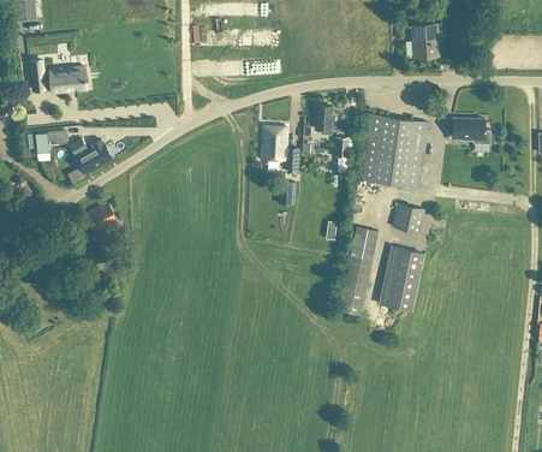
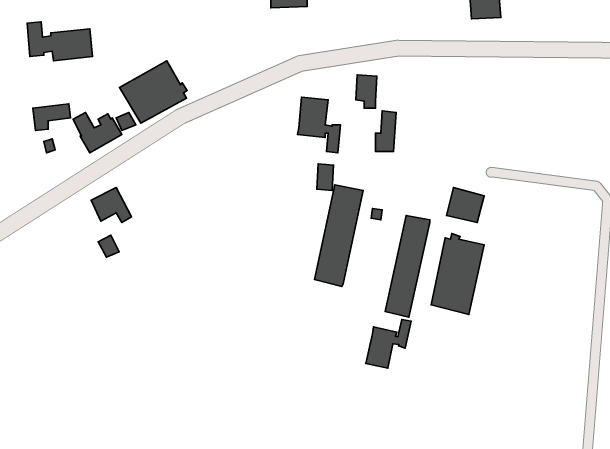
building: none -> [120,61,187,123]
building: [359,114,428,188] -> none
building: [452,119,490,144] -> none
building: none -> [314,185,363,286]
building: none -> [366,319,411,368]

